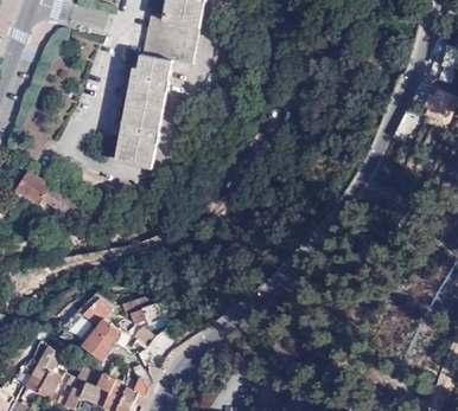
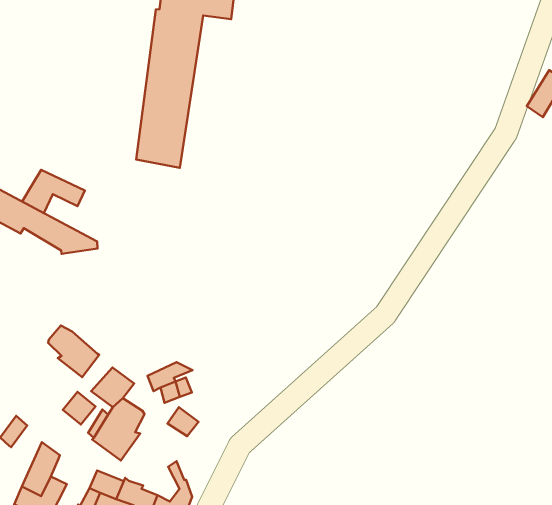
building: none -> [22,170,85,213]
building: none -> [48,326,99,377]

